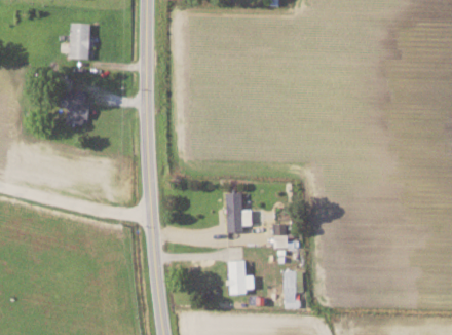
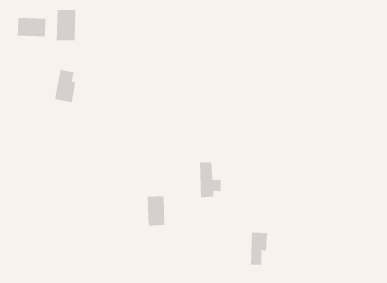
building: none -> [17,17,46,37]
building: [226,261,247,295] -> [147,196,165,226]

